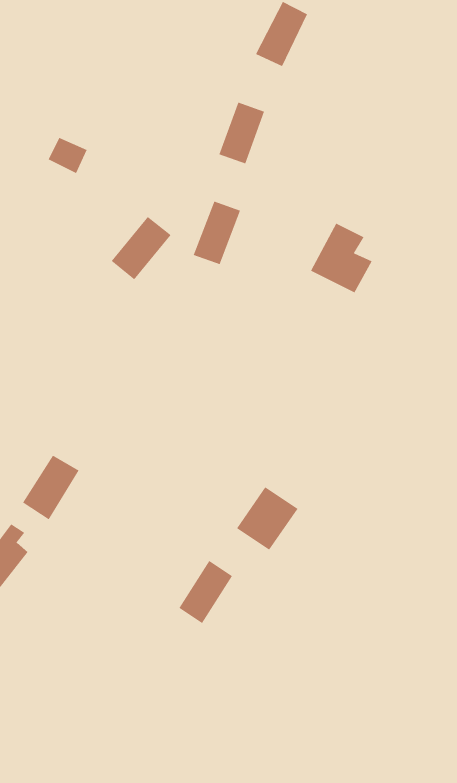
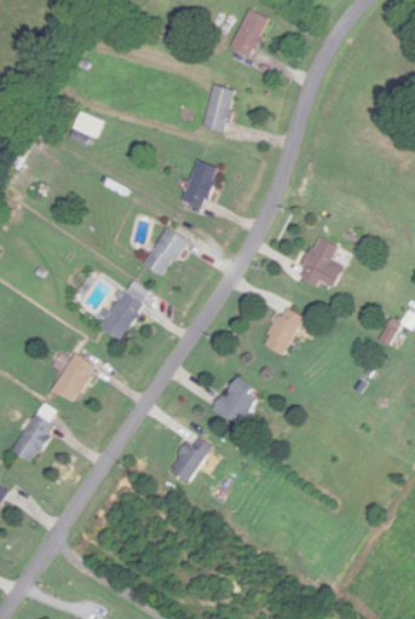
building: [111,216,171,280] -> [142,227,188,276]
building: [310,223,372,293] -> [298,236,345,289]
building: none -> [99,290,143,340]
building: none -> [260,305,306,354]

